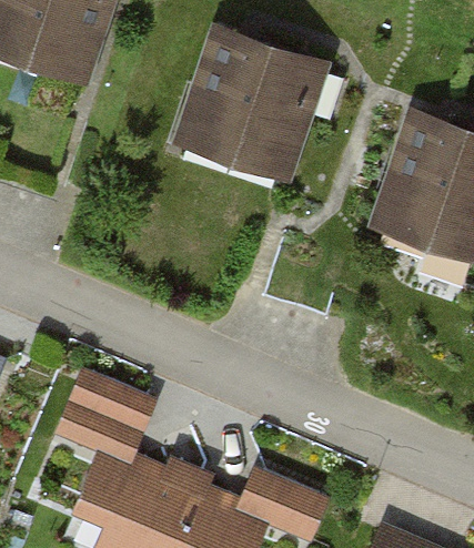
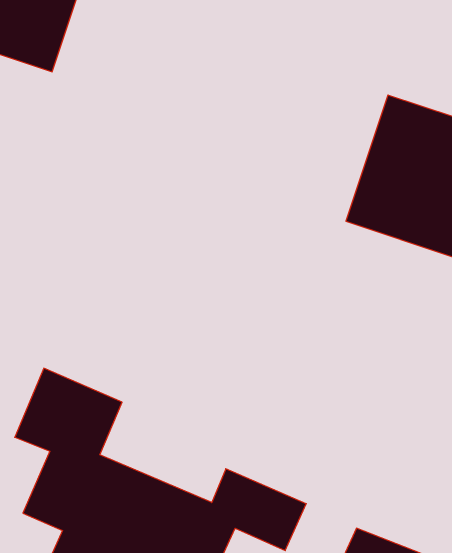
building: [172,24,332,189] -> none

